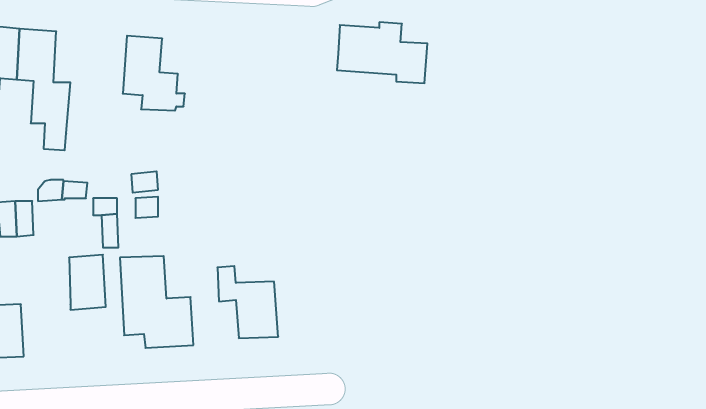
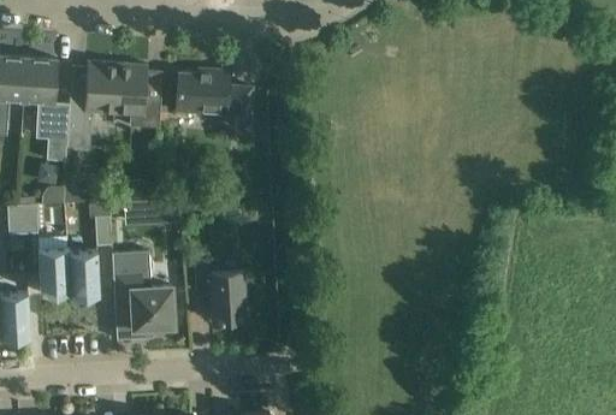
building: [337,22,427,83] -> [176,70,253,121]
building: none -> [66,61,118,149]
building: none -> [38,248,70,294]

